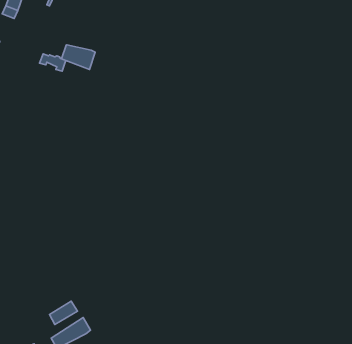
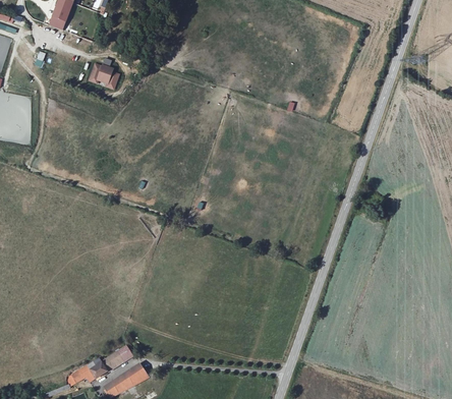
building: [62,45,95,69] -> none
building: none -> [66,356,107,386]

